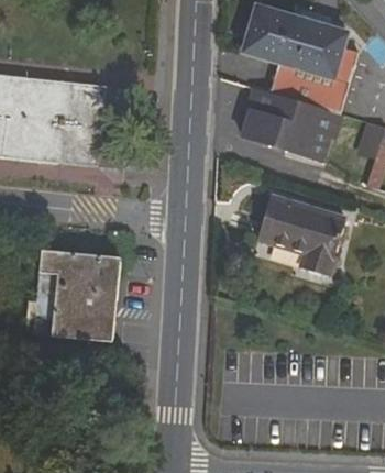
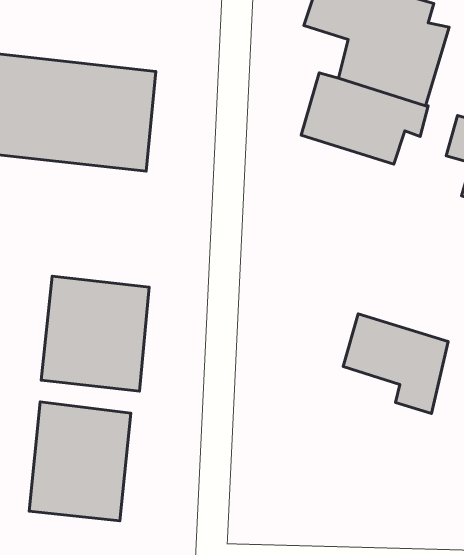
building: [258,196,342,275] -> [343,314,448,414]
building: none -> [29,402,131,521]

